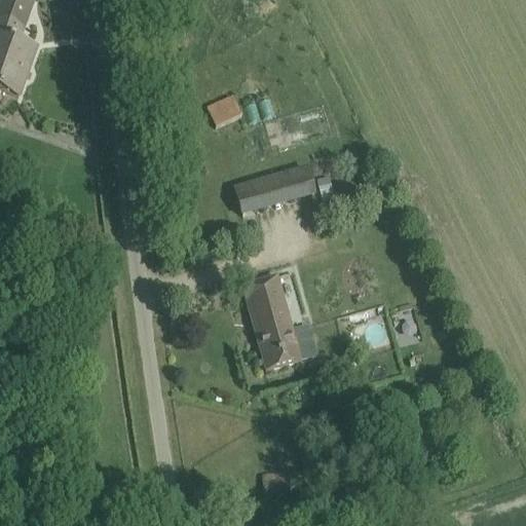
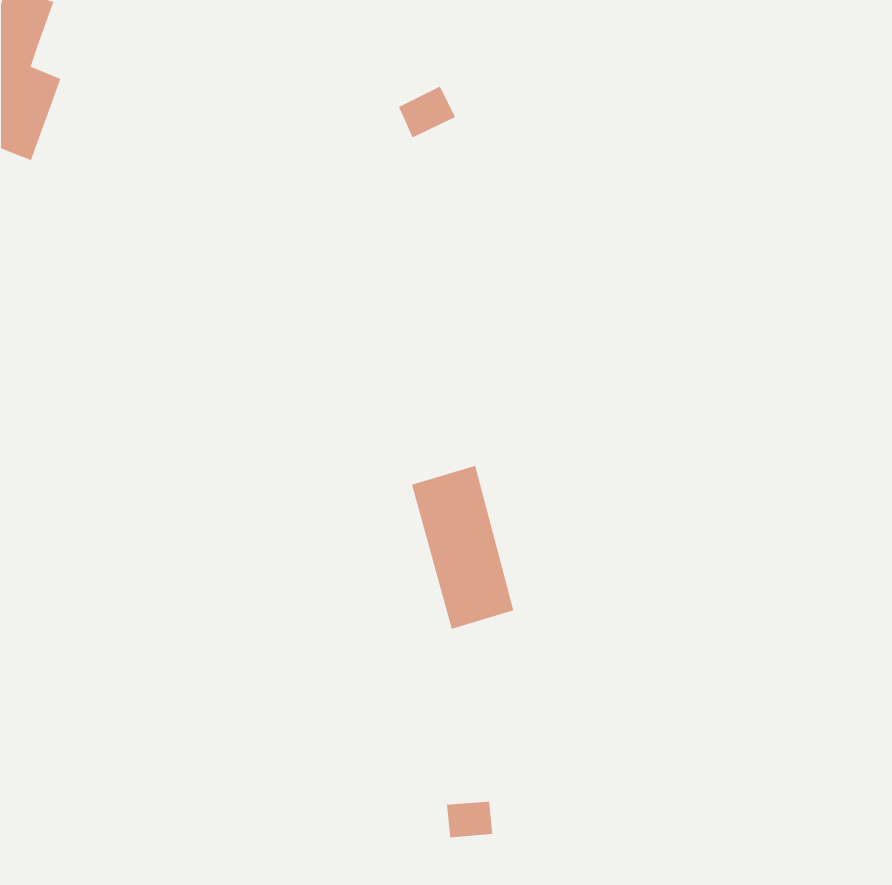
building: [209,95,242,125] -> [398,86,456,138]
building: [232,162,315,214] -> none

